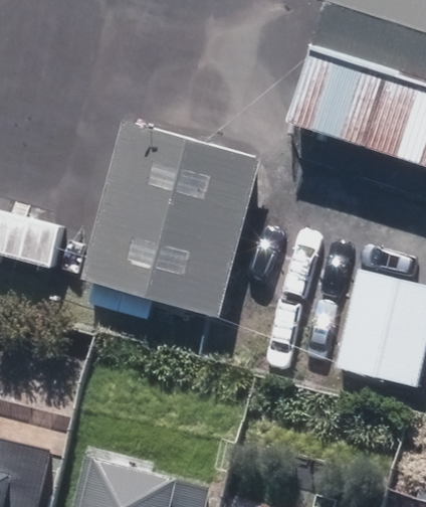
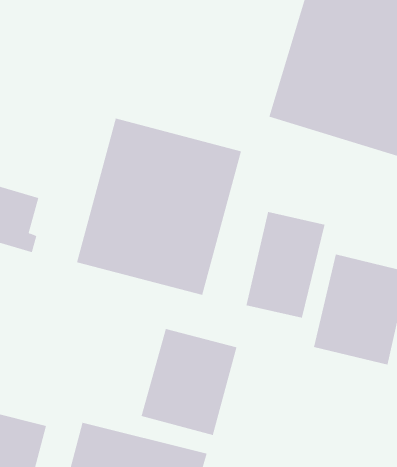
building: none -> [246,211,325,318]
building: none -> [141,328,237,436]

